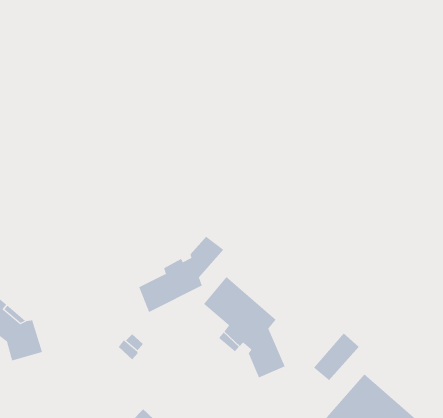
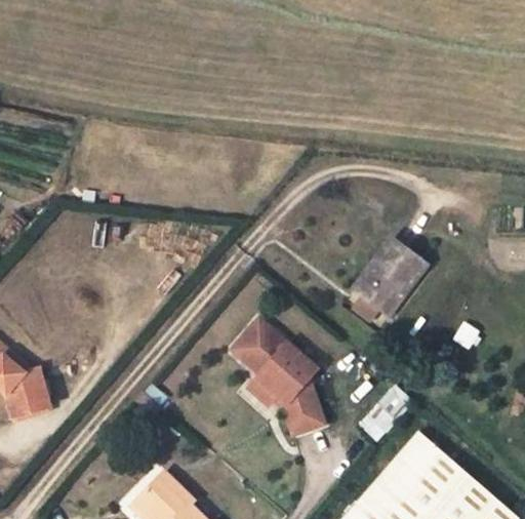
building: none -> [355,239,426,315]
building: [138,236,224,313] -> none

